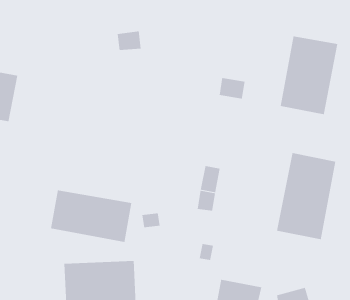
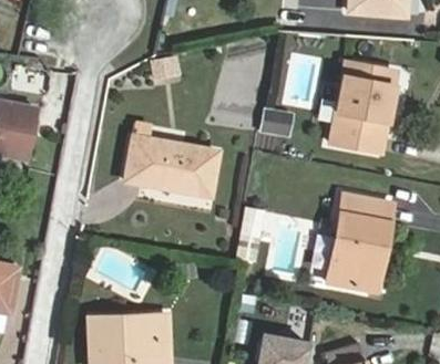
building: [50,190,132,242] -> [126,137,218,196]

